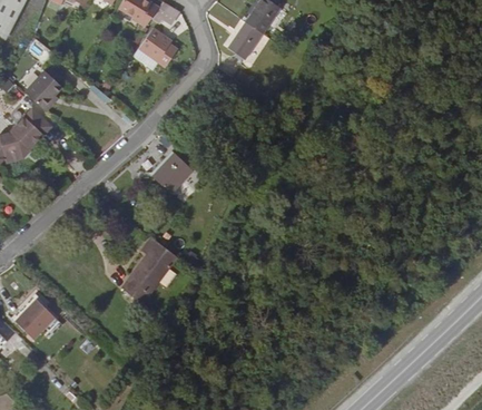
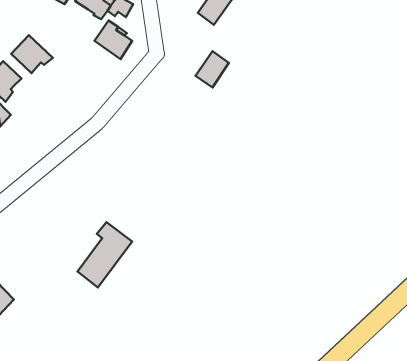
building: [227,20,262,58] -> [195,51,229,88]
building: none -> [11,35,53,73]
building: [150,150,193,194] -> none

